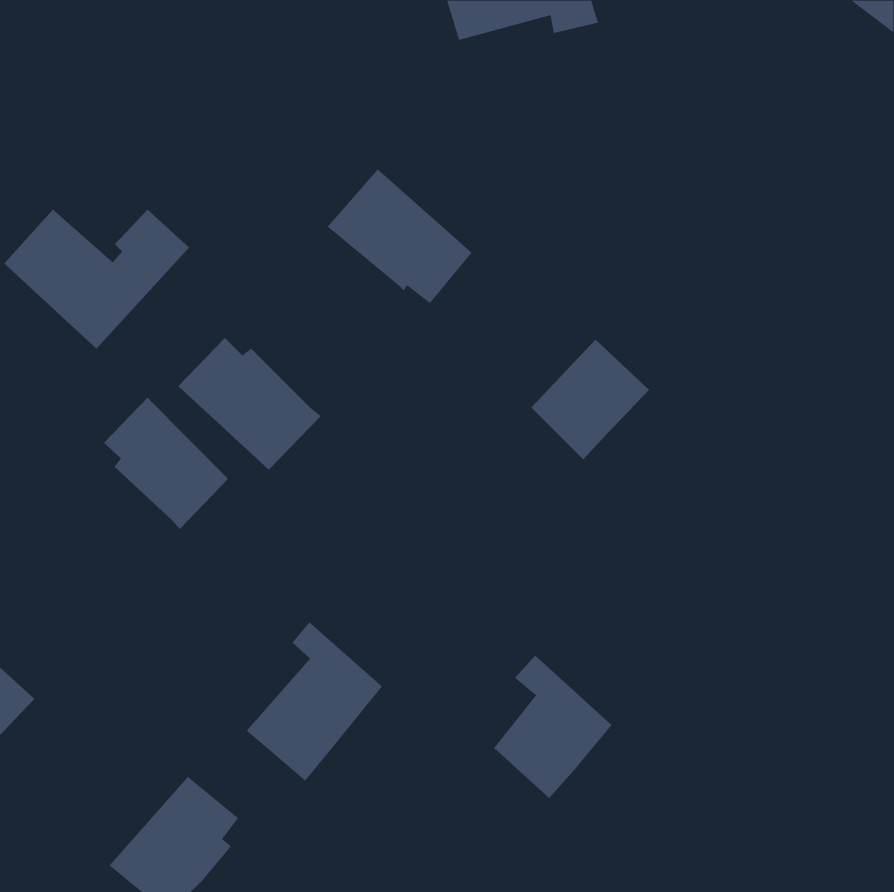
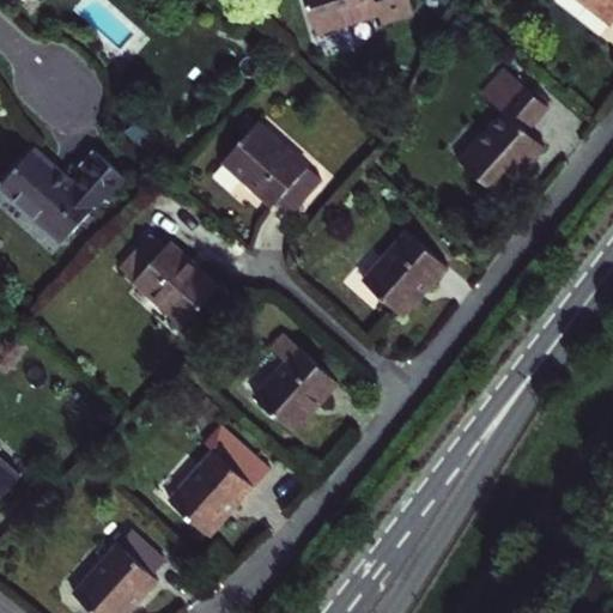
building: none -> [460,79,546,194]
building: [103,397,229,530] -> none
building: [493,655,613,799] -> [251,335,333,433]

